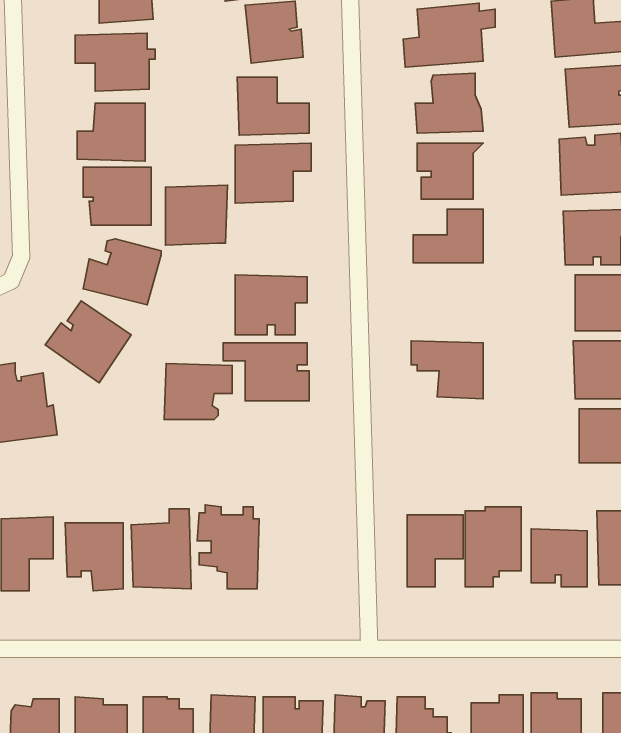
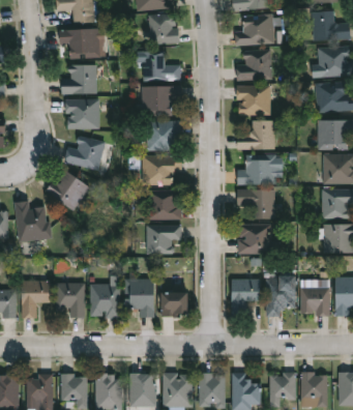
building: [165,185,227,245] -> [150,119,182,150]
building: none -> [234,154,274,185]
building: [164,363,232,419] -> [148,224,183,253]
building: none -> [239,223,270,253]
building: none -> [167,291,193,317]

